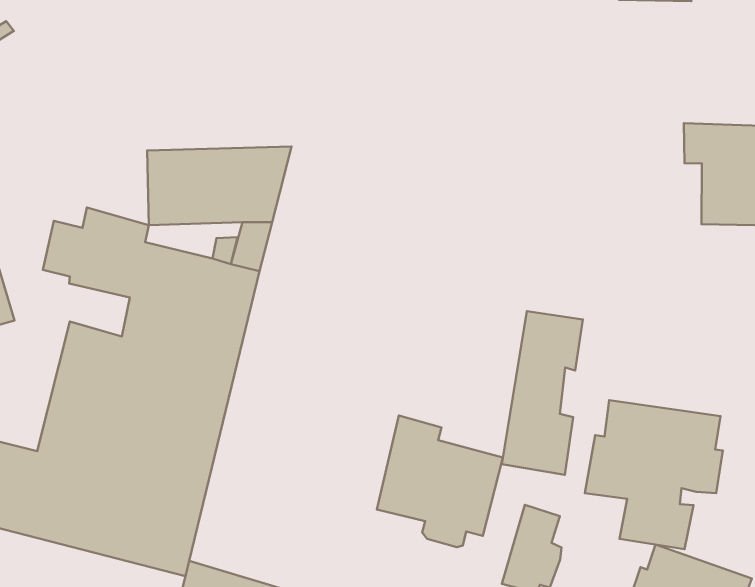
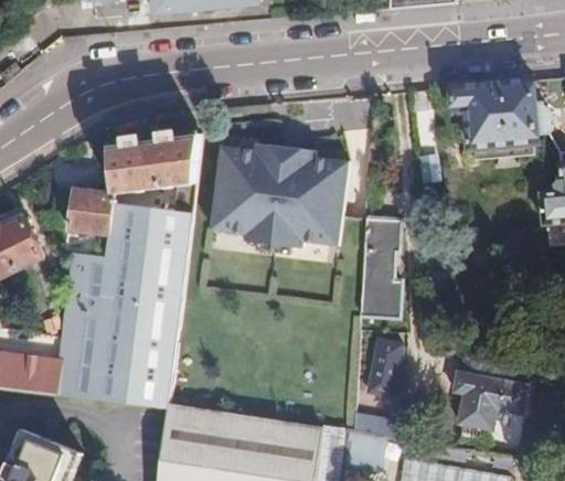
building: none -> [211,145,348,250]
building: [585,400,723,549] -> none
building: [377,415,503,547] -> none

